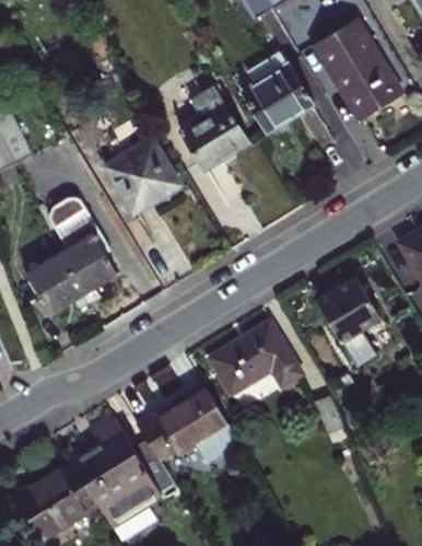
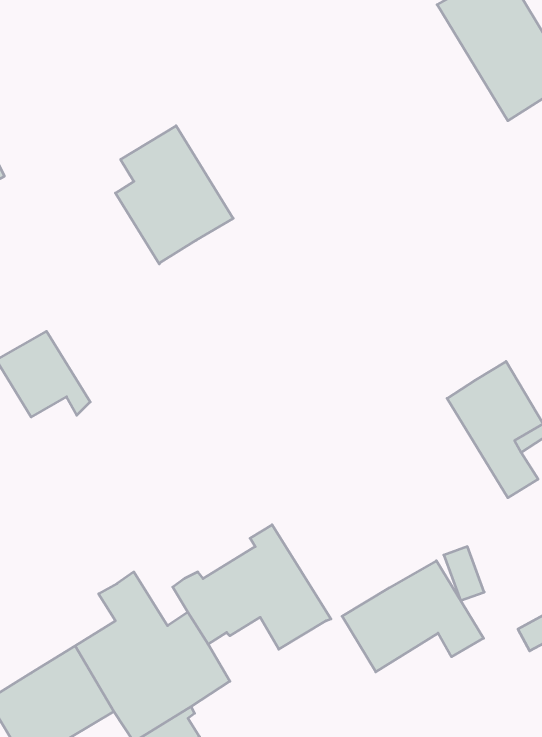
building: [242,66,309,130] -> none
building: [178,84,247,169] -> none
building: [54,209,116,302] -> none
building: [209,323,301,395] -> [342,561,484,672]

